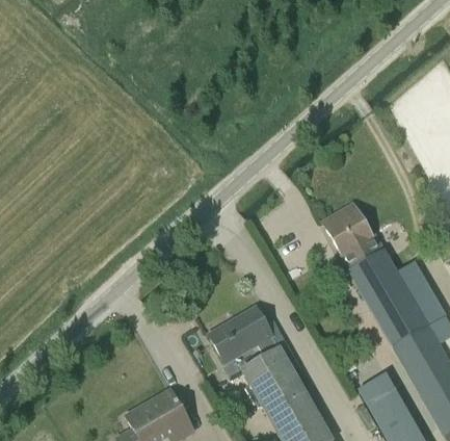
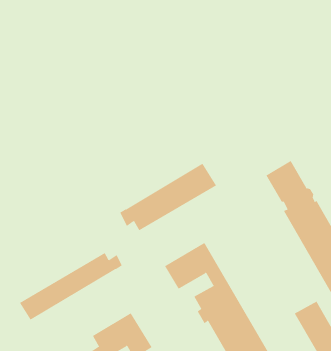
building: none -> [119,163,217,231]
building: none -> [19,252,122,320]

